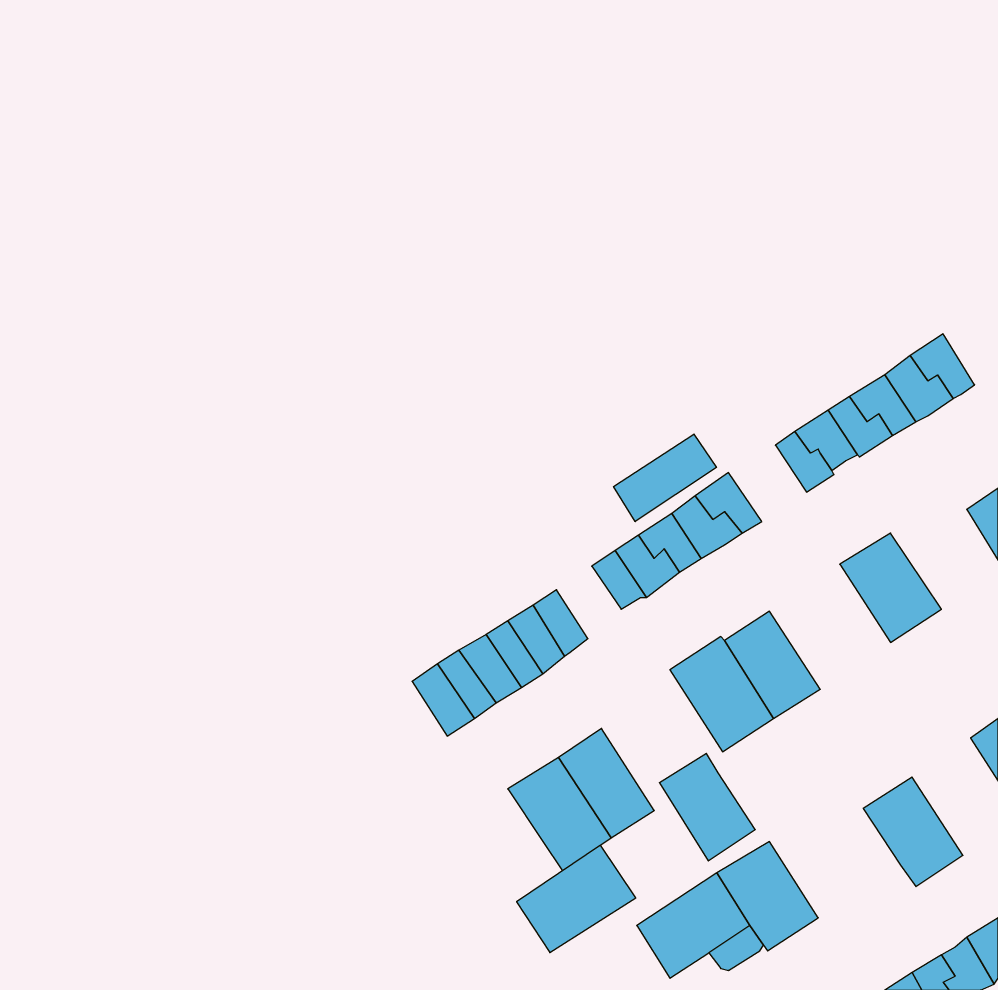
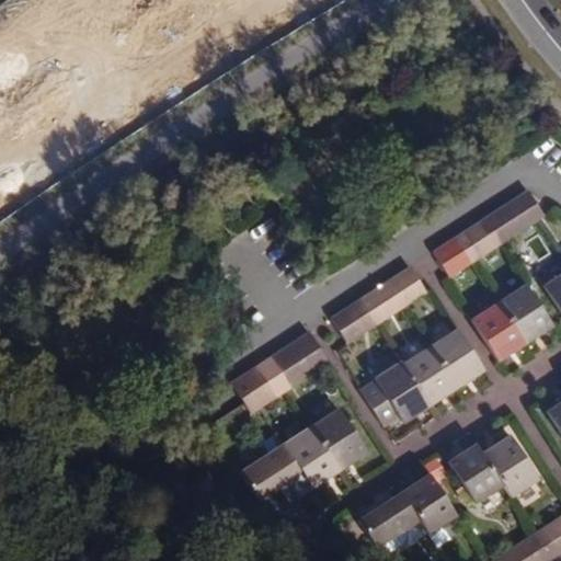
building: [614,434,716,522] -> none
building: none -> [500,283,552,342]
building: none -> [432,325,485,387]
building: [659,753,755,861] -> [451,443,505,503]
building: [517,845,636,953] -> [238,443,305,503]

